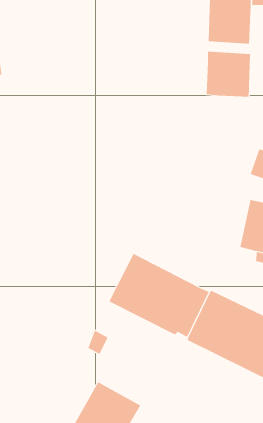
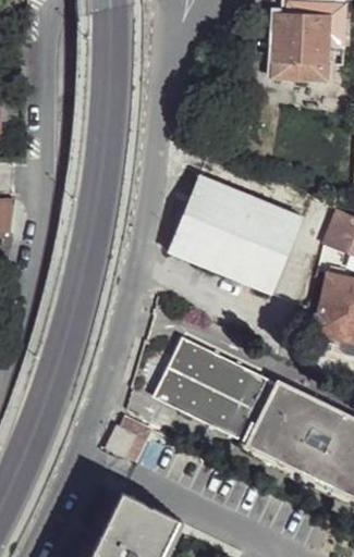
building: [206,51,251,97] -> none
building: none -> [172,175,302,292]

